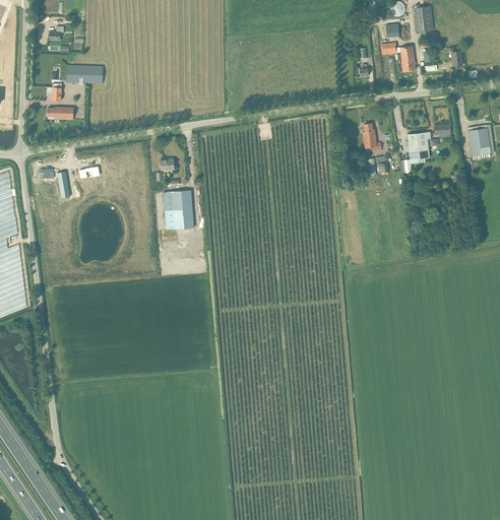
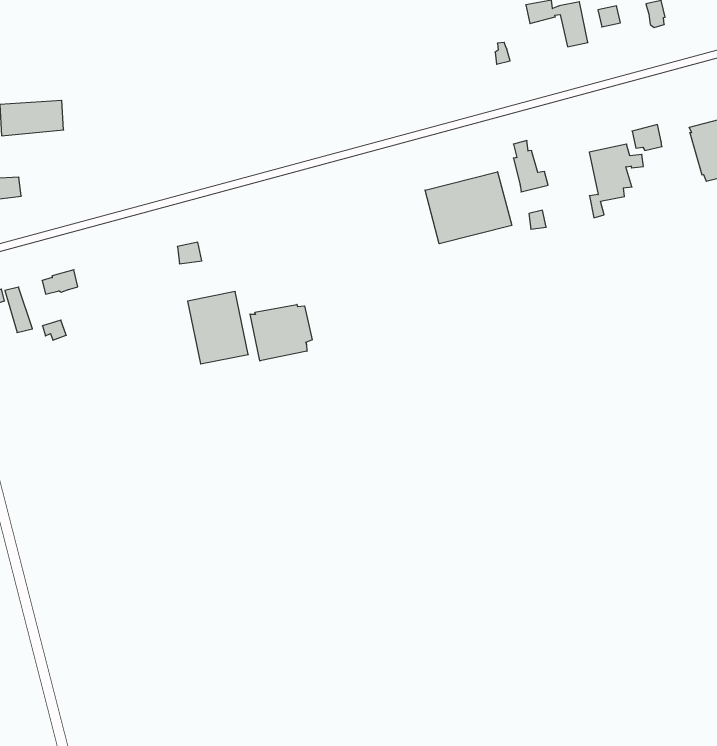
building: none -> [425,172,512,244]
building: none -> [250,304,312,361]

